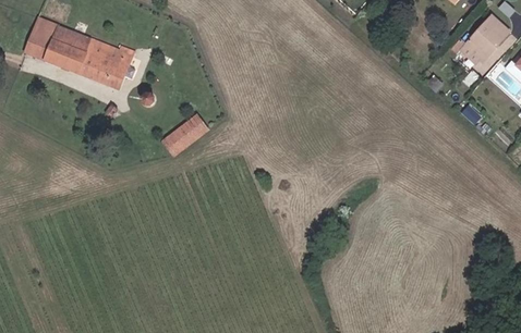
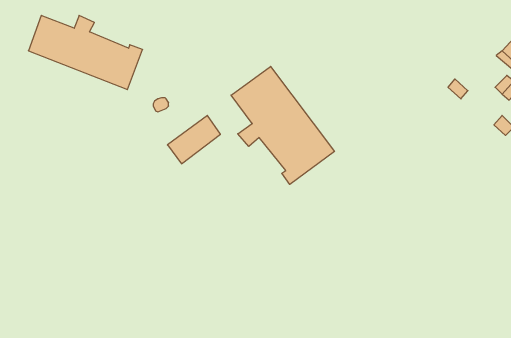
building: none -> [231,66,334,184]

